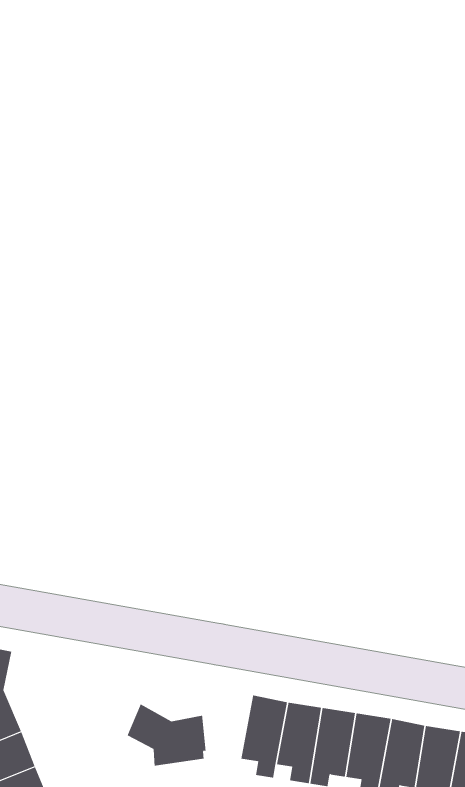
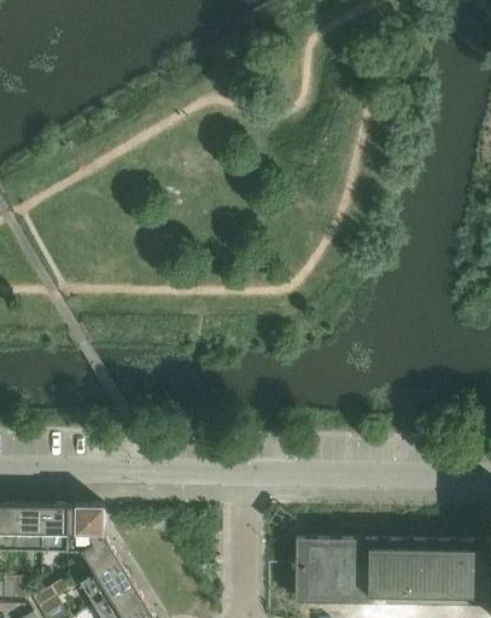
building: [126,704,206,766] -> none

